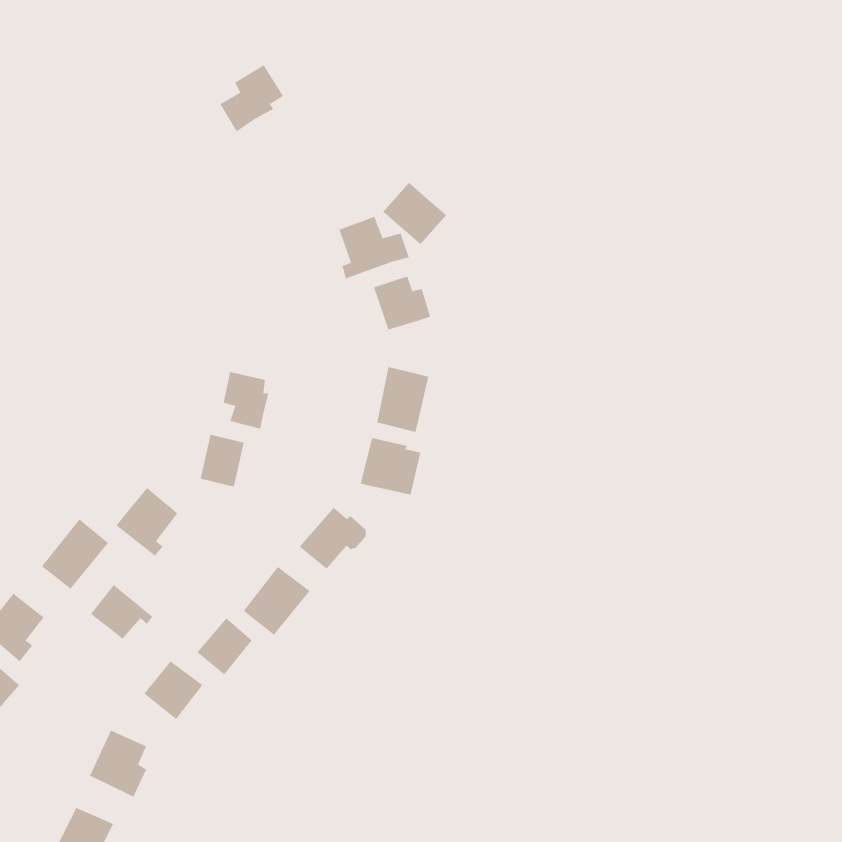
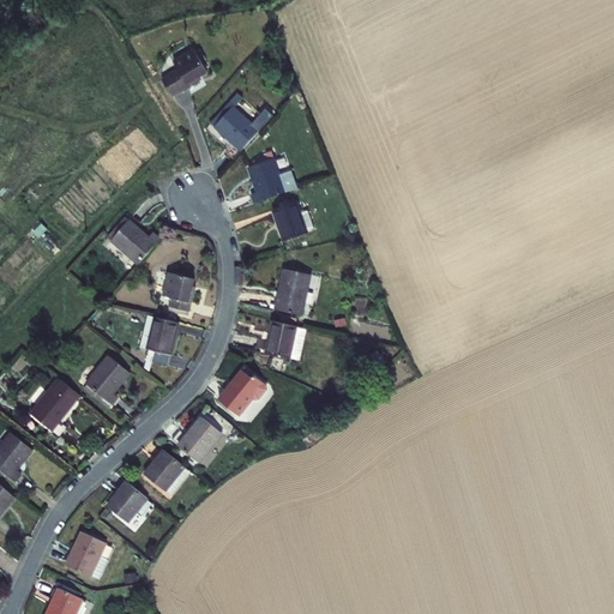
building: [382,182,447,245] -> [212,106,259,151]
building: none -> [108,219,159,265]
building: [90,584,153,640] -> none

